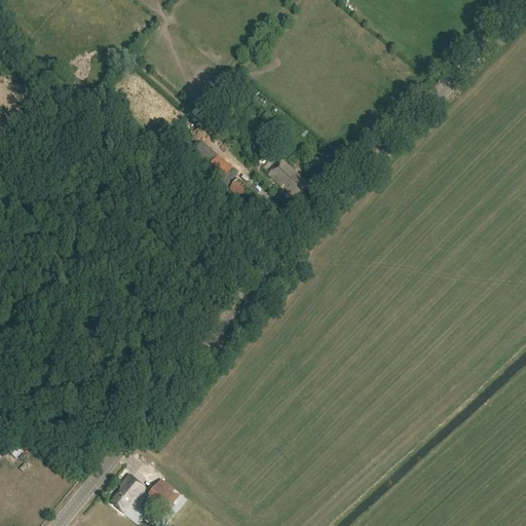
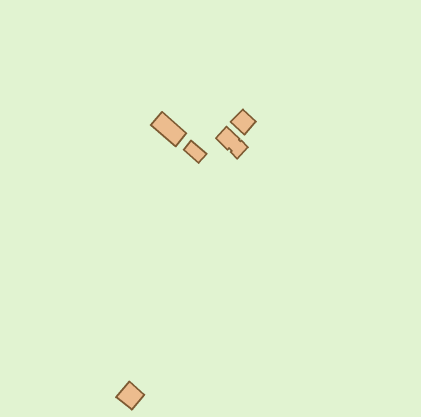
building: none -> [231,109,256,135]
building: [111,475,145,513] -> none

